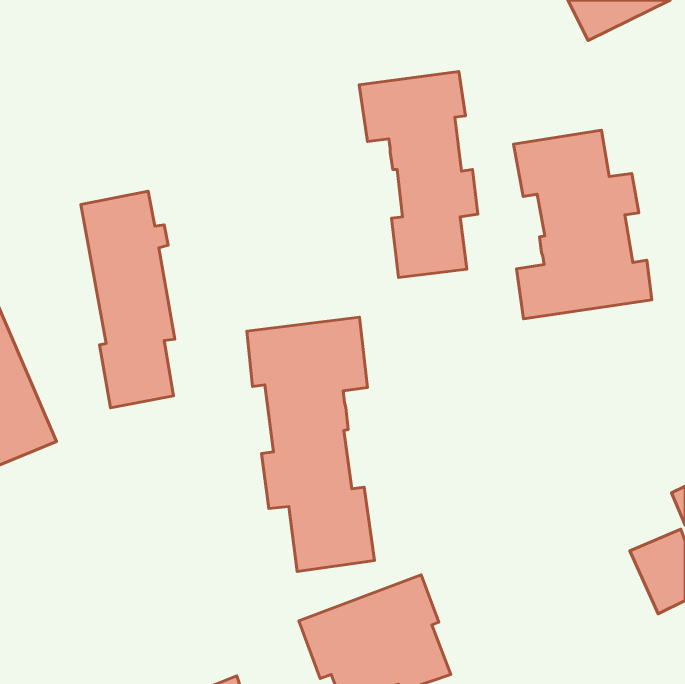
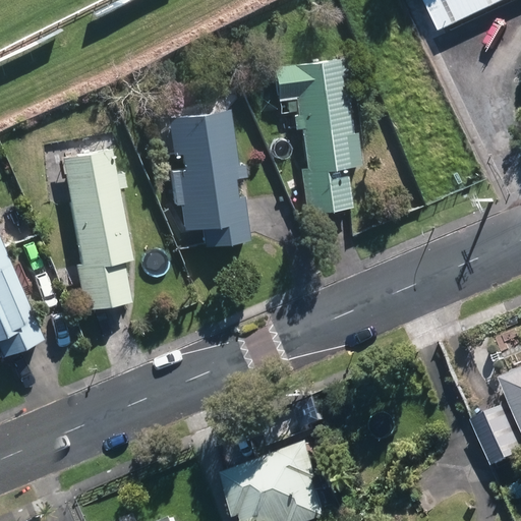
building: [513,130,652,319] -> none
building: none -> [168,110,249,246]
building: [247,317,374,572] -> none

